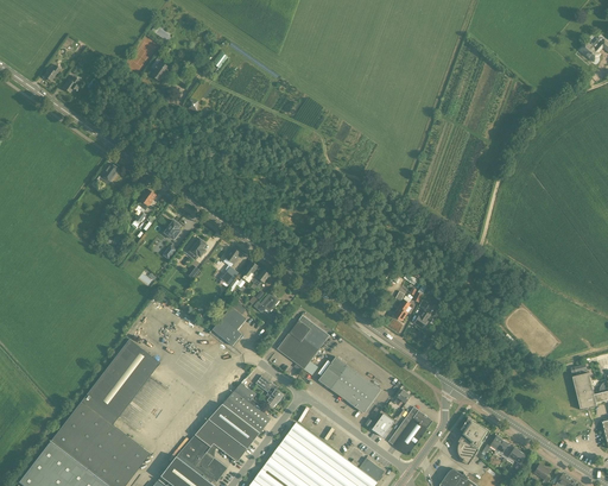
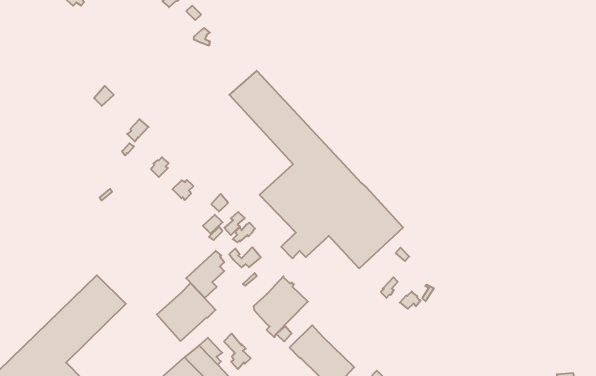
building: none -> [229,71,403,268]
building: none -> [157,283,216,341]

